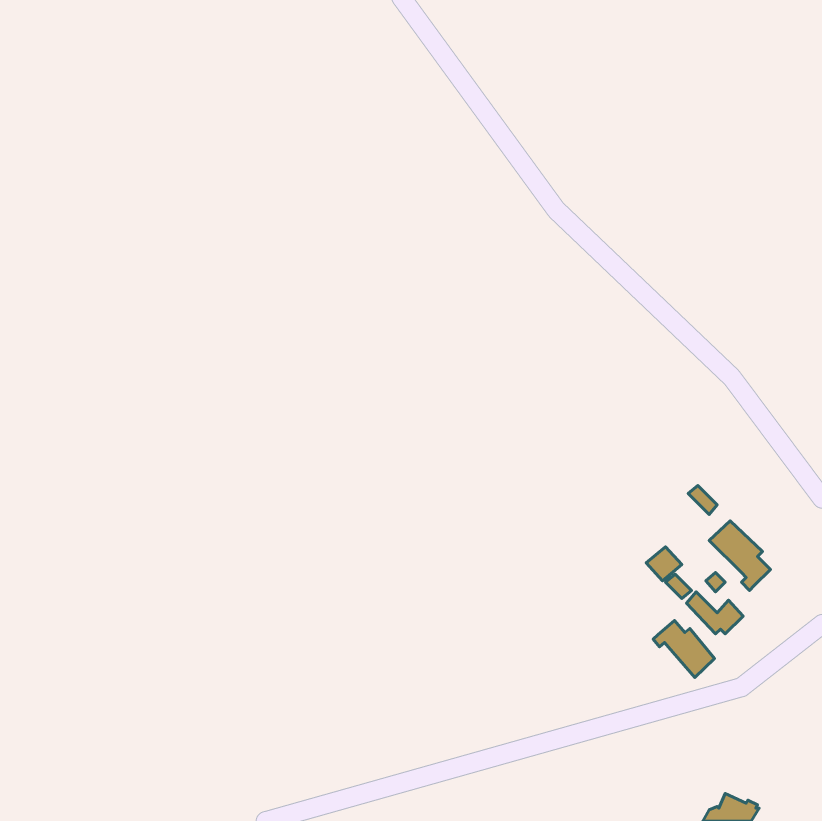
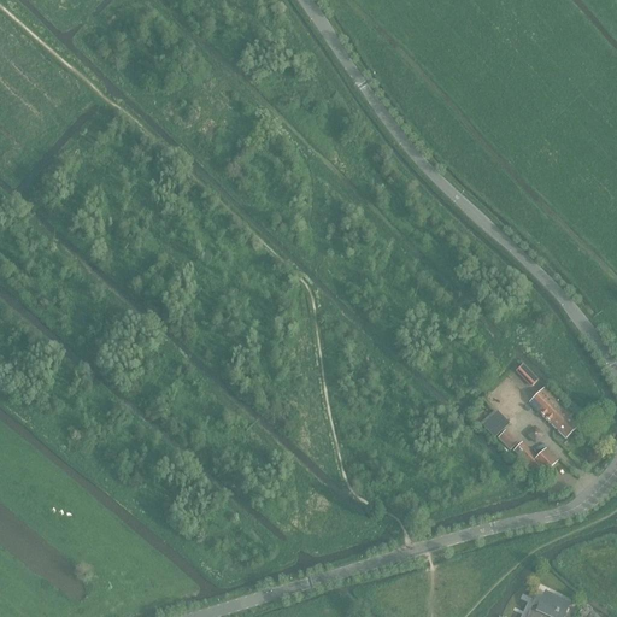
building: [653,621,715,677] -> none

